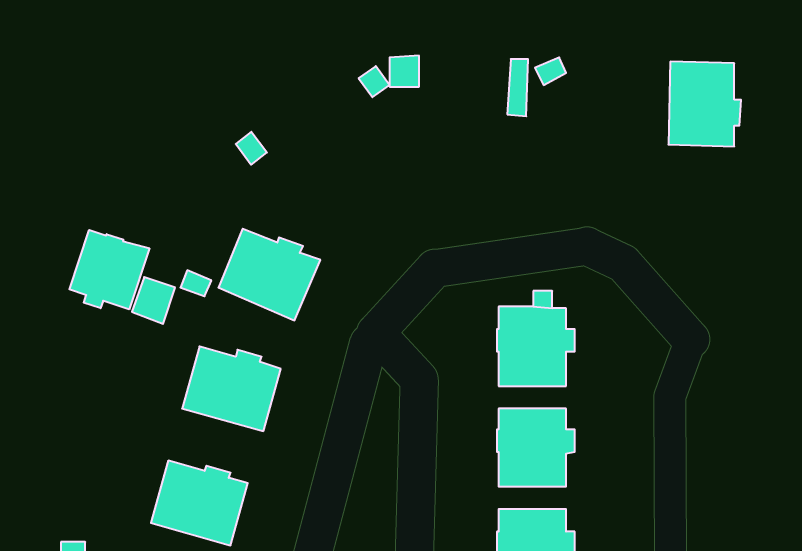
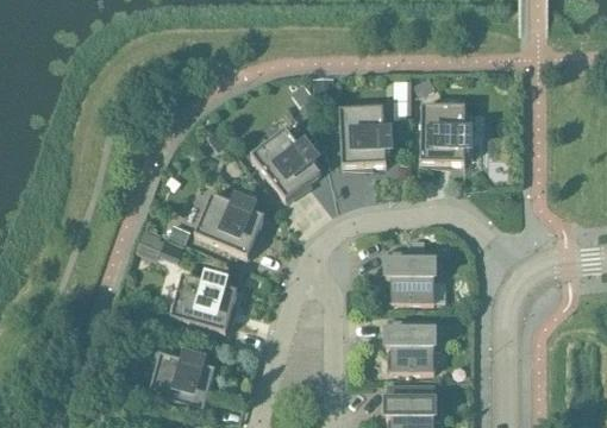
building: [668,62,741,146] -> [420,105,470,163]
building: none -> [339,107,390,165]
building: none -> [251,127,321,200]
building: [69,230,149,309] -> none

